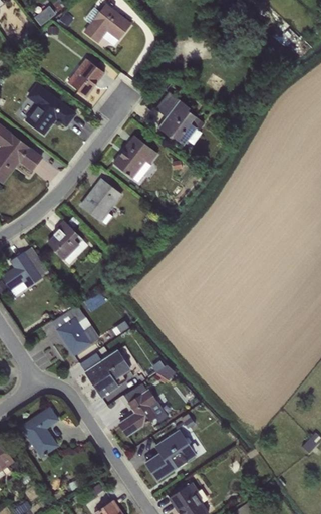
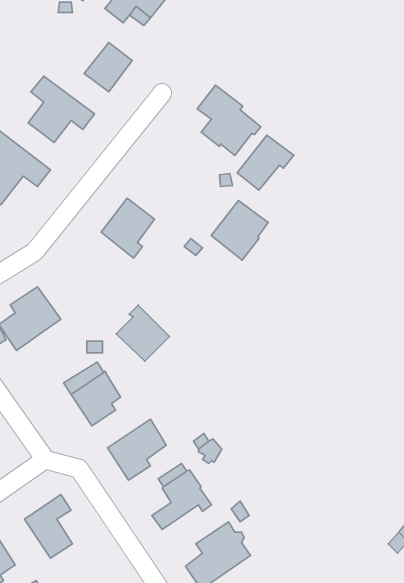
building: none -> [237,135,294,190]
building: [113,136,157,182] -> [211,201,268,260]
building: [47,221,88,264] -> [116,305,169,361]

